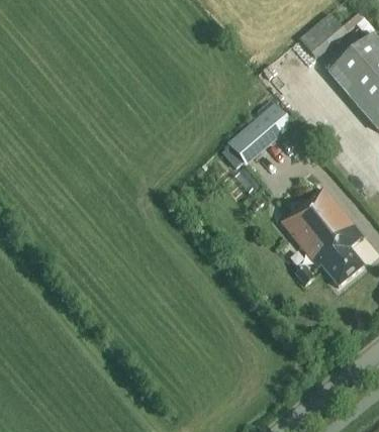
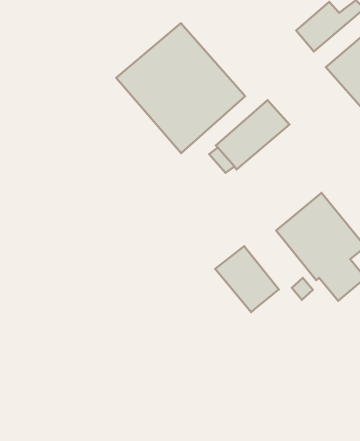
building: none -> [116,23,245,153]
building: none -> [215,246,279,312]

